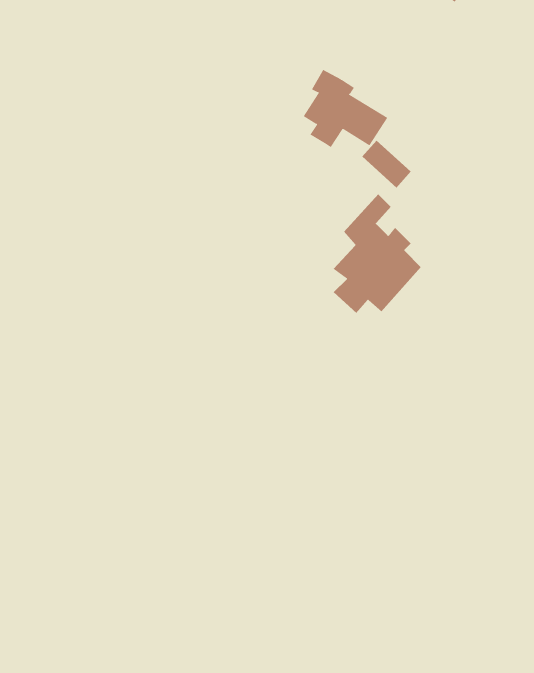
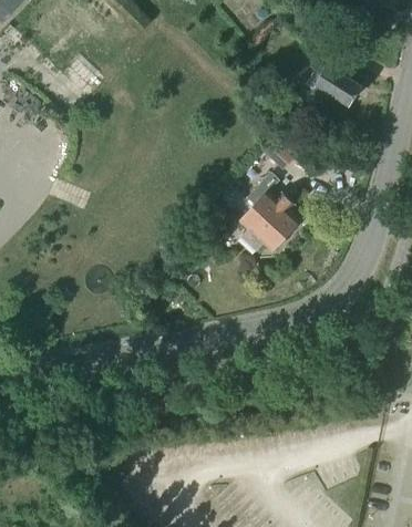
building: [303,69,388,148] -> [305,54,361,106]

